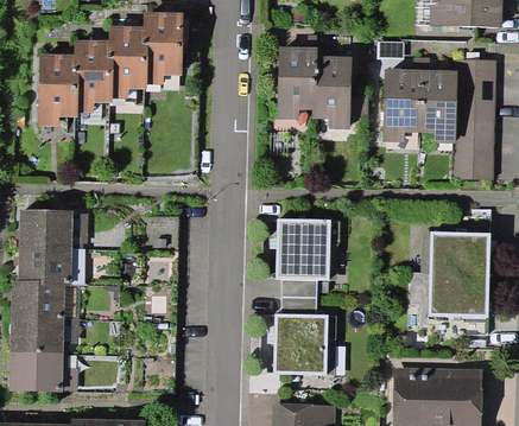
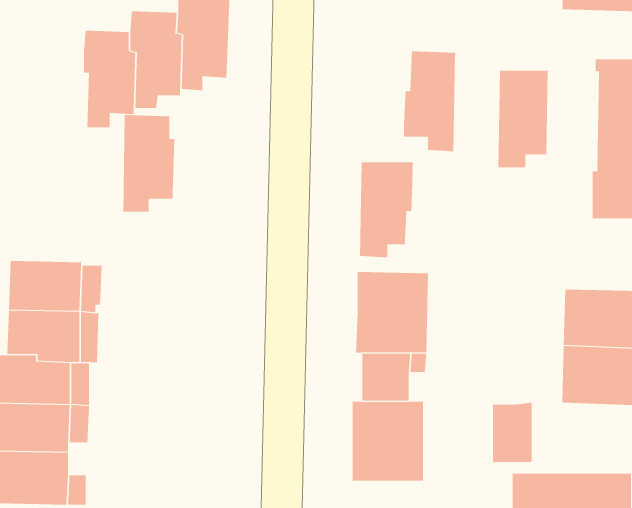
building: [277,47,317,119] -> [359,162,414,258]
building: [38,53,77,126] -> [122,115,175,212]
building: [418,69,456,144] -> none
building: none -> [492,402,532,463]

